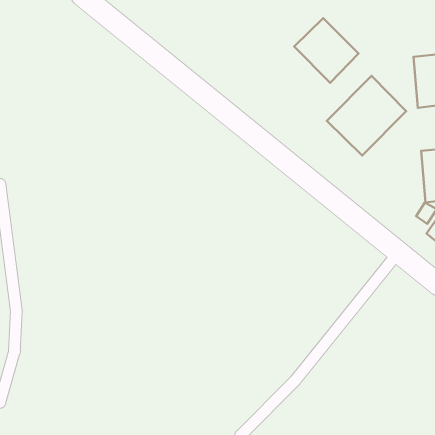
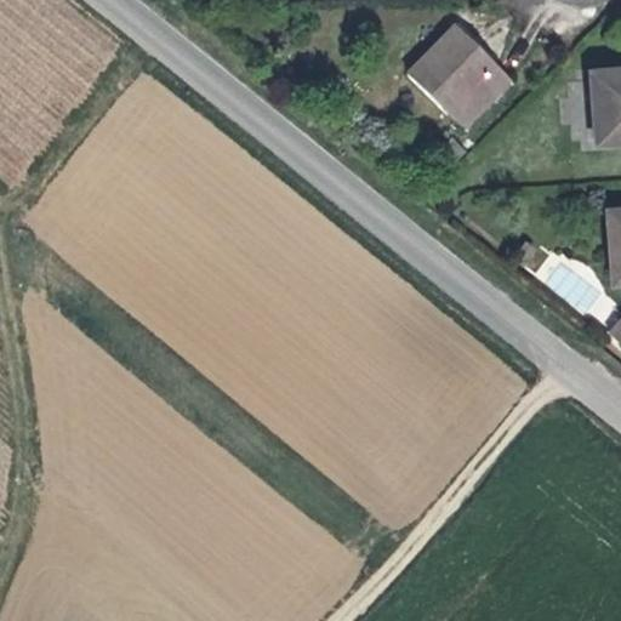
building: [327,76,406,155] -> none

